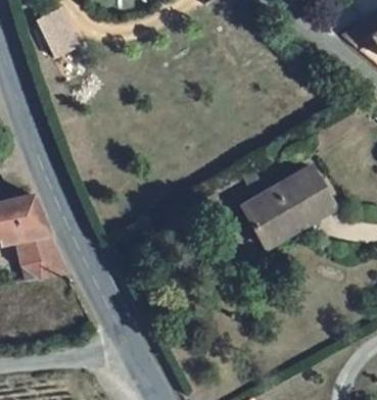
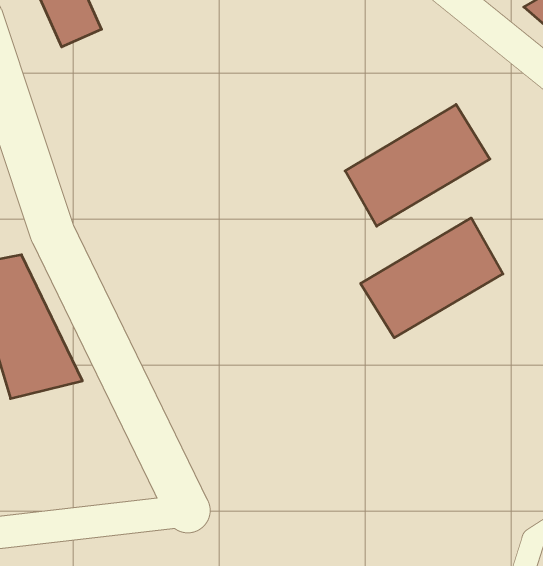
building: none -> [345,104,490,226]

